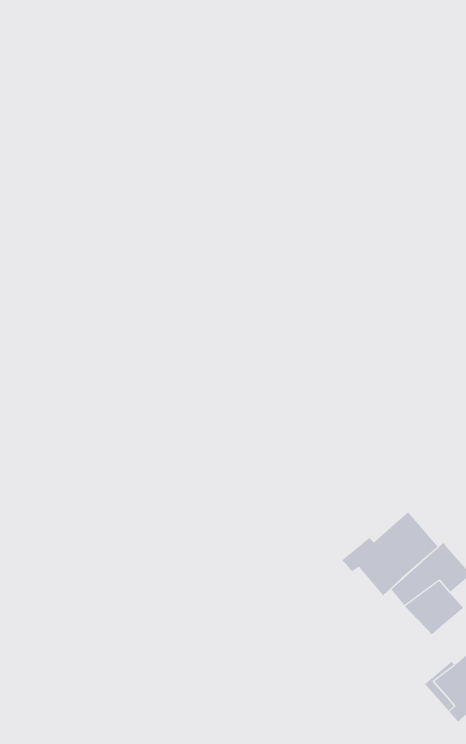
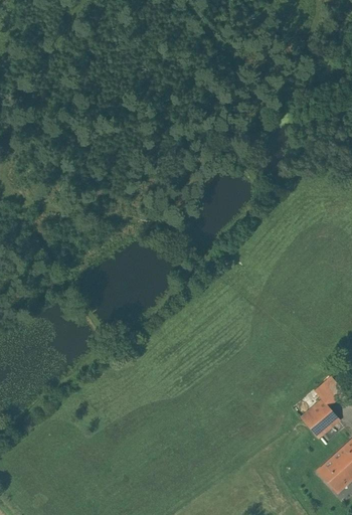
building: [342,511,439,596] -> none

